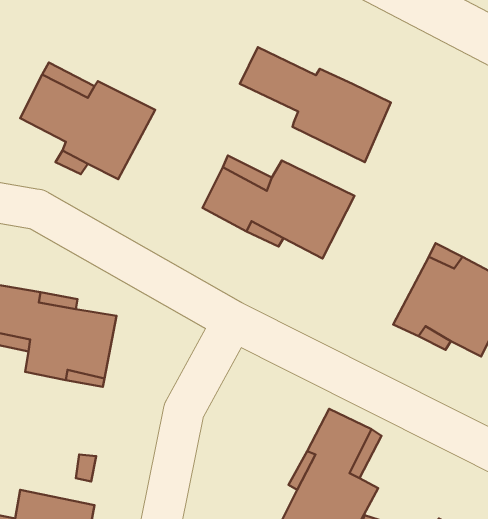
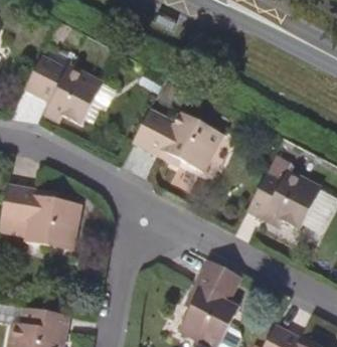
building: [240,47,391,162] -> none

